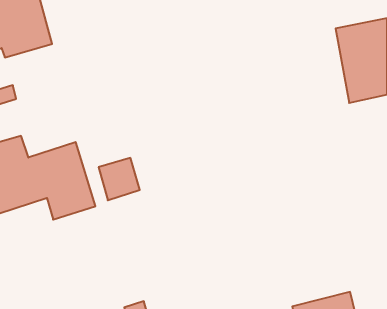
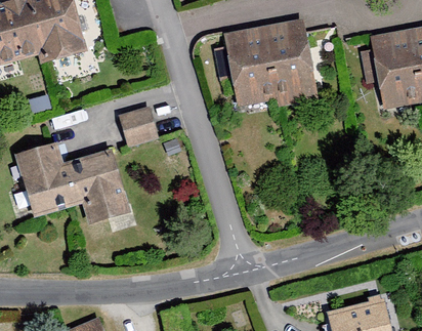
building: none -> [234,14,323,96]
building: [99,158,140,200] -> [118,106,159,148]

